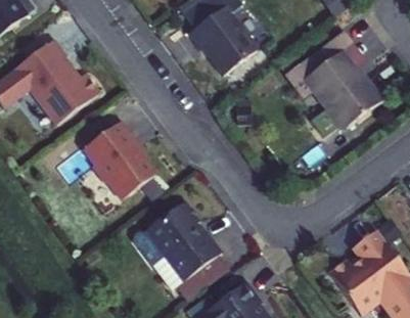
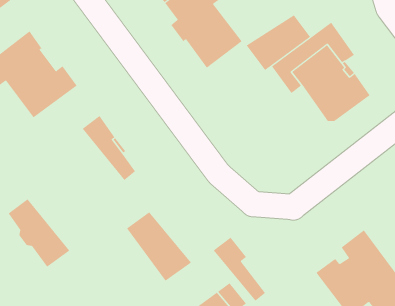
building: none -> [246,14,311,71]
building: [83,133,143,199] -> [8,199,70,267]
building: [168,199,219,262] -> [213,237,266,301]

